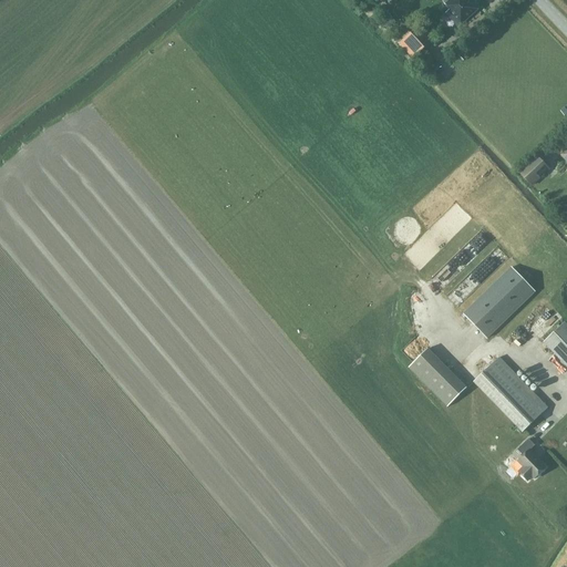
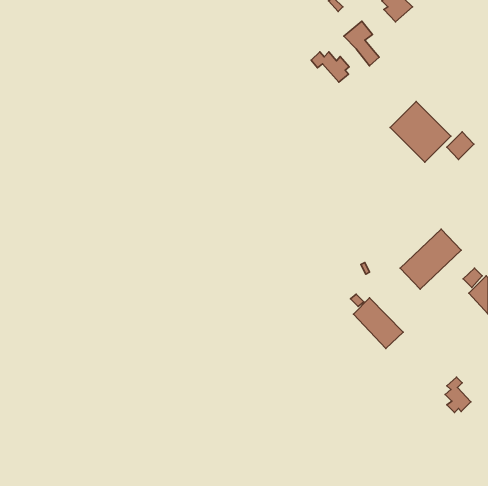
building: none -> [311,52,349,82]
building: none -> [390,102,451,162]
building: [474,355,547,431] -> none

